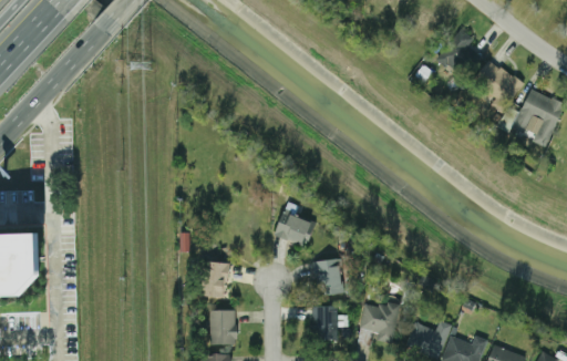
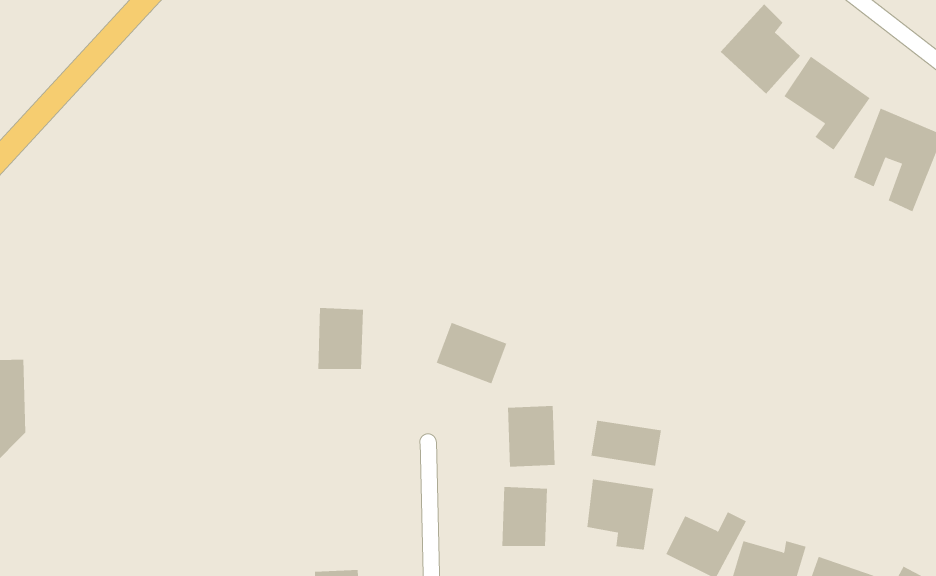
building: [202,261,228,297] -> [317,308,364,369]
building: none -> [591,420,662,466]
building: [209,310,236,344] -> none

